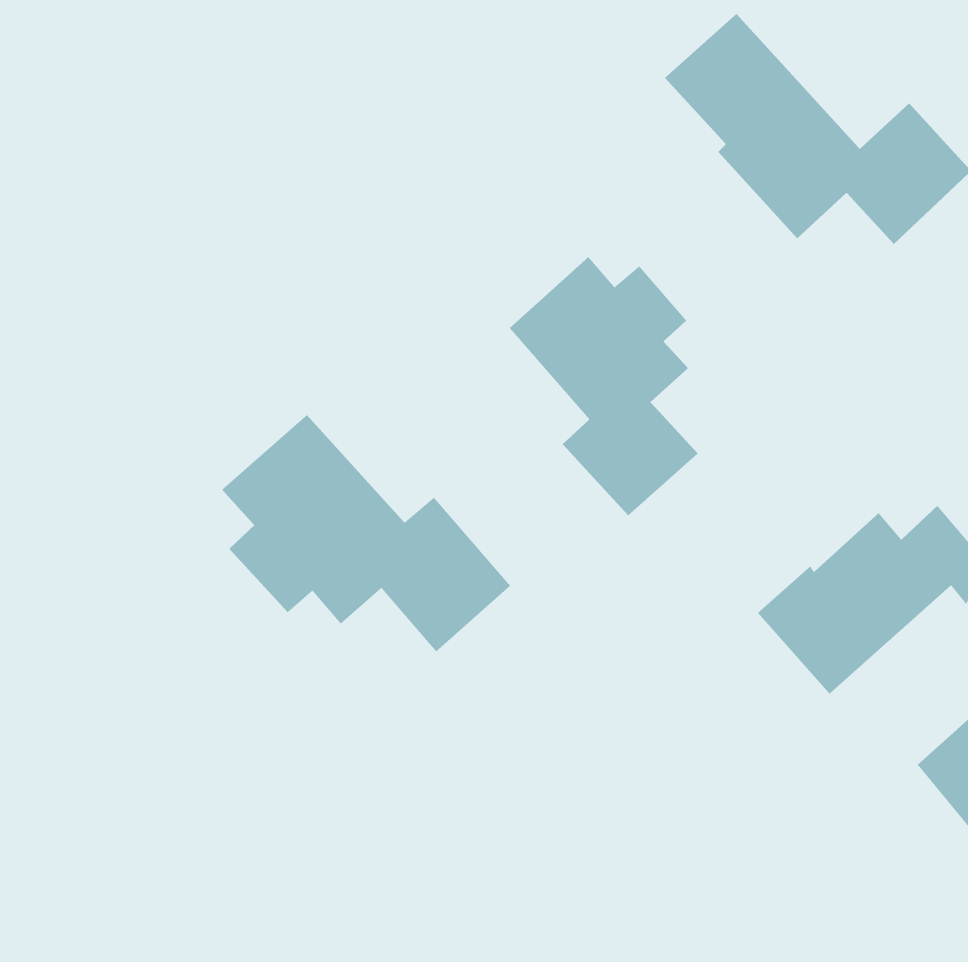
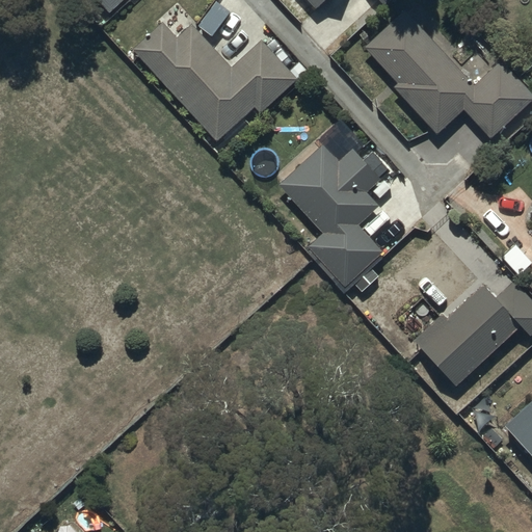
building: none -> [133,23,297,141]
building: [221,414,511,652] -> none

